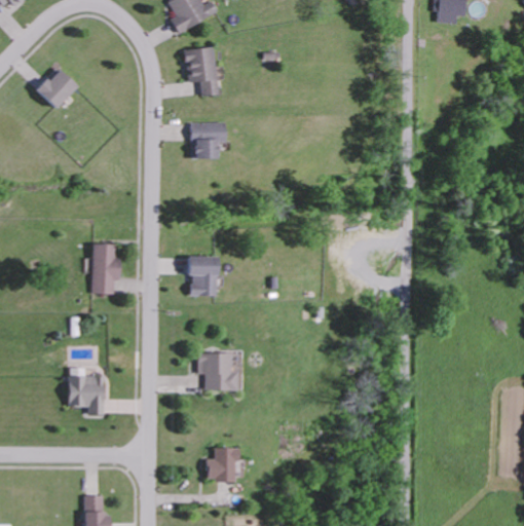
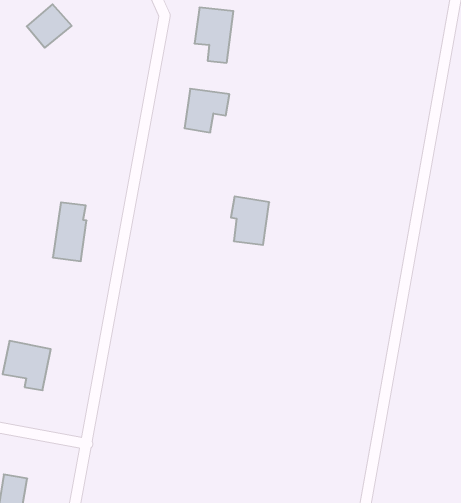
building: [186,256,219,296] -> [231,196,269,245]
building: [198,352,237,389] -> none
building: [207,447,236,482] -> none

